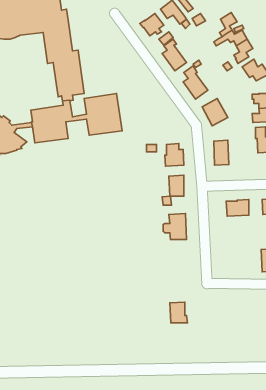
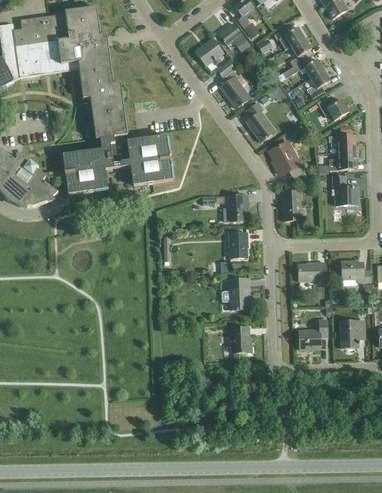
building: none -> [274,26,304,49]
building: none -> [299,319,327,349]
building: [170,302,187,323] -> [231,327,252,352]

